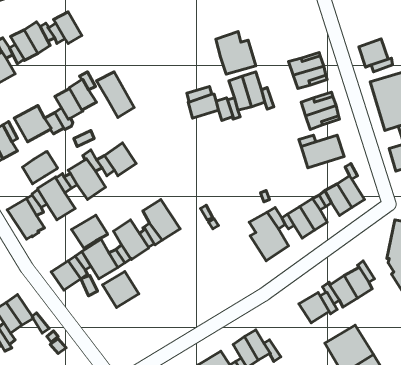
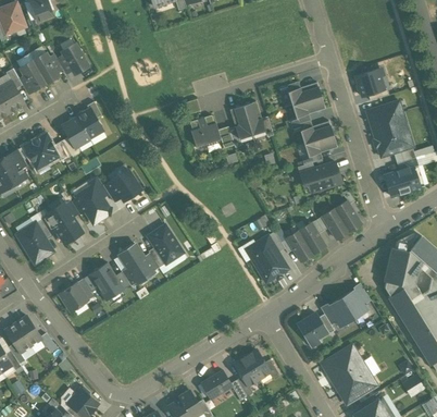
building: [216,32,256,74] -> none
building: [97,72,134,117] -> none
building: [22,151,57,184] -> none
building: [72,215,107,248] -> none
building: [103,271,139,307] -> none

